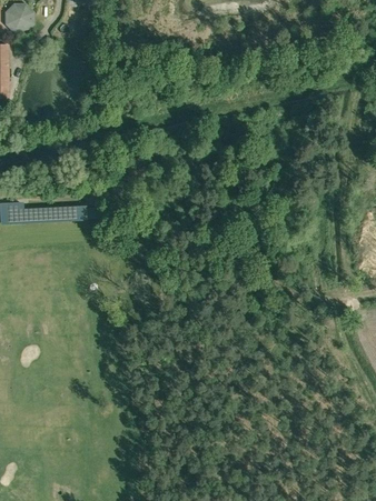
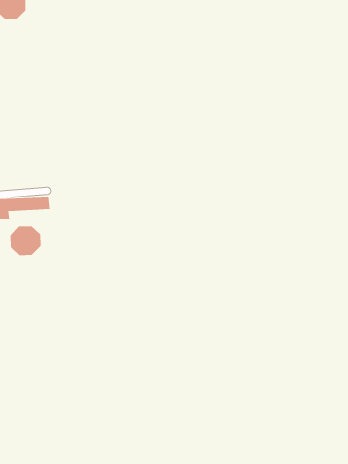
building: none -> [10,225,41,256]

